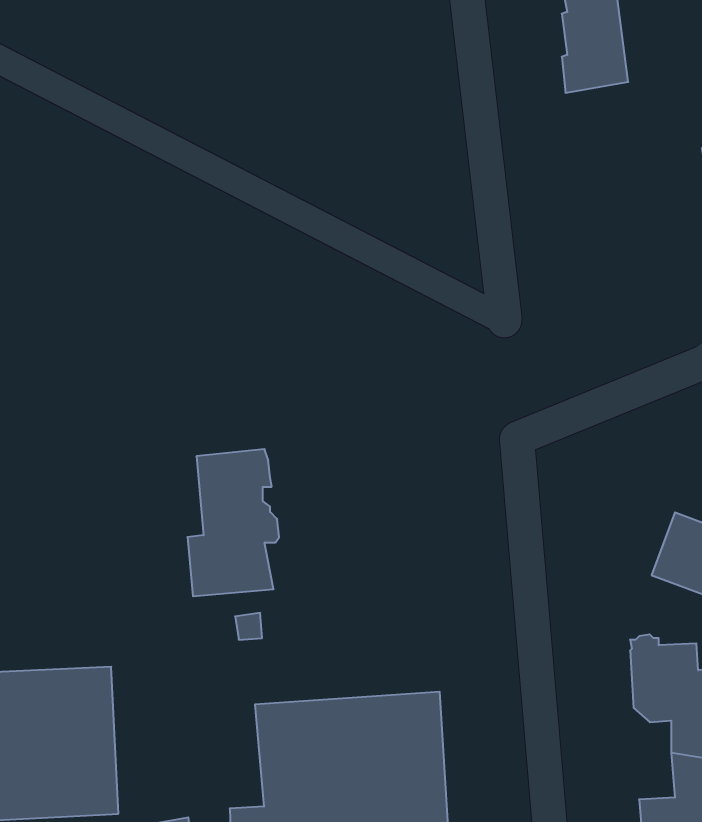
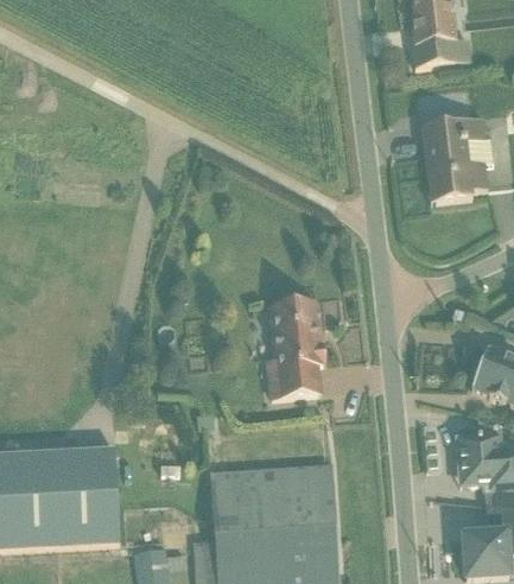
building: none -> [420,116,491,201]
building: [187,449,279,596] -> [265,300,325,398]

